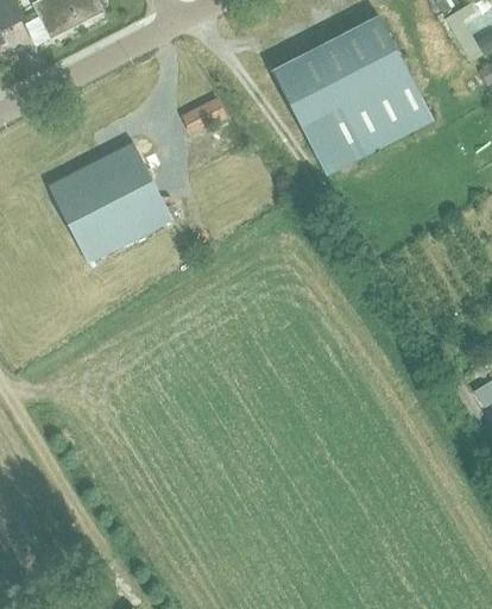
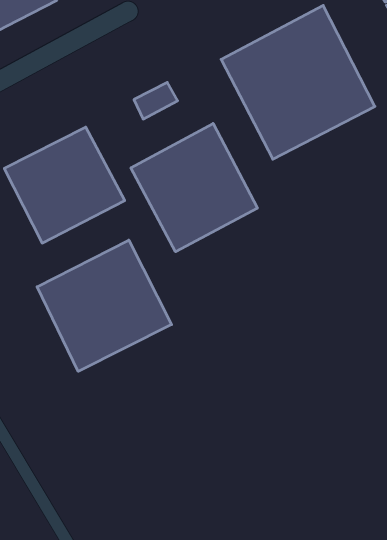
building: none -> [131,123,257,252]
building: none -> [37,240,172,371]

